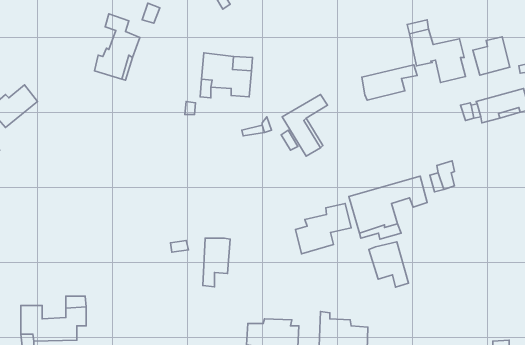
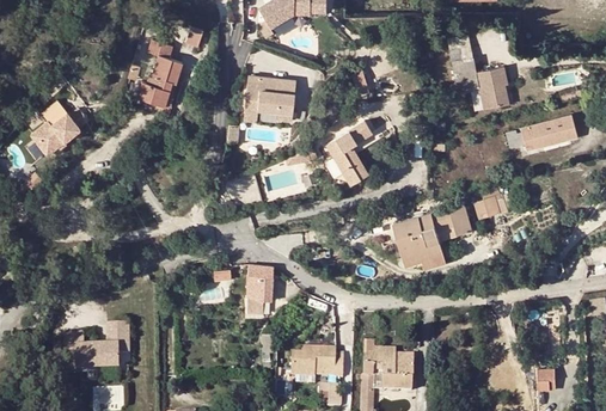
building: [473,37,510,75] -> none
building: [362,65,417,100] -> none
building: [295,203,351,254] -> none
building: [369,242,408,287] -> none

